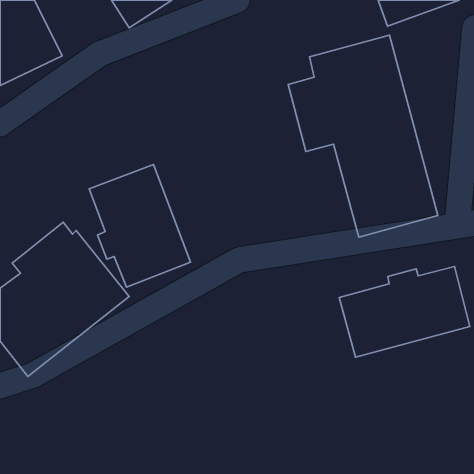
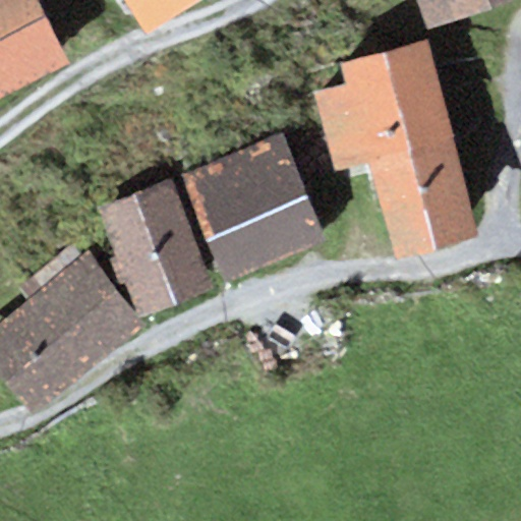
building: none -> [181,133,327,280]
building: [339,266,470,357] -> none

